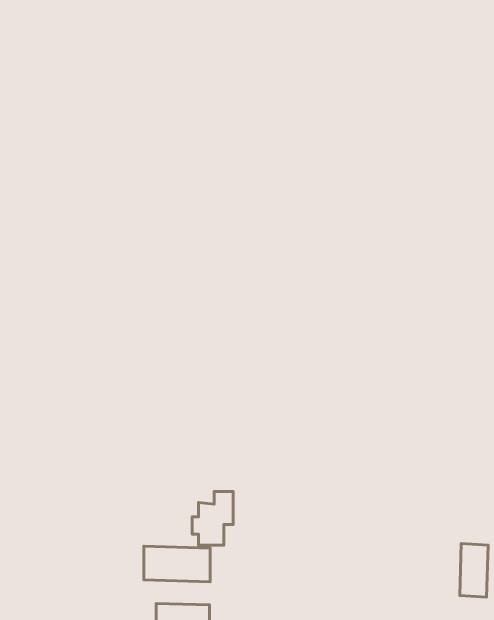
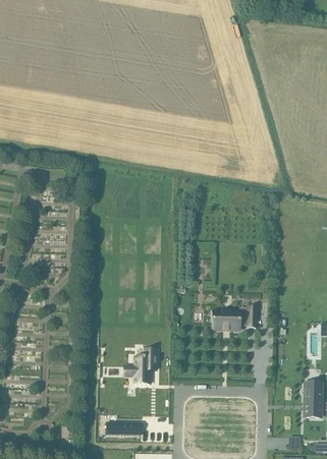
building: none -> [213,305,257,329]
building: [144,546,210,582] -> none

